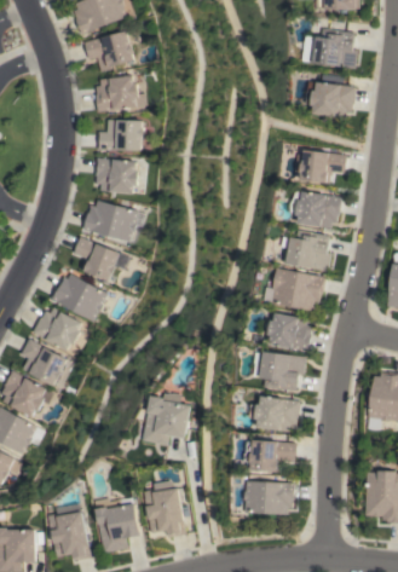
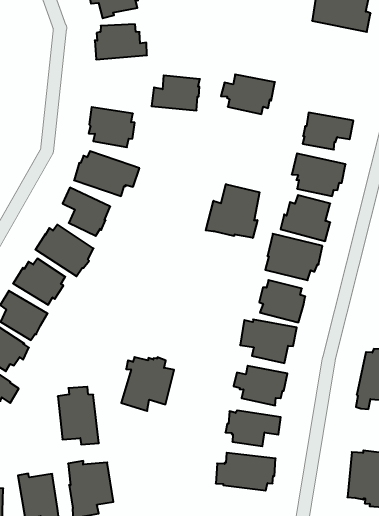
building: [305,82,356,119] -> [221,74,275,114]
building: [97,120,142,151] -> [151,75,200,110]
building: none -> [206,184,260,238]
building: [144,481,186,537] -> [58,387,99,444]

